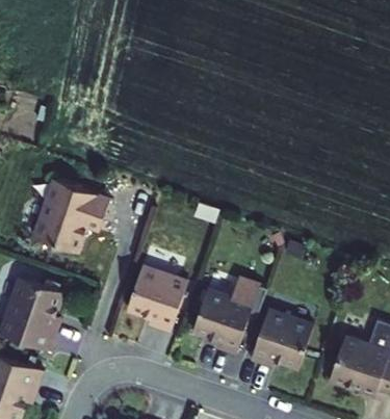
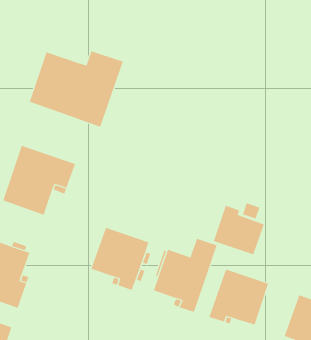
building: none -> [29,51,124,127]
building: none -> [213,205,264,255]

